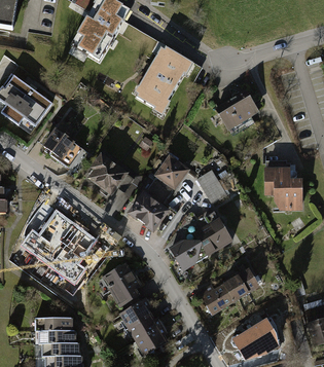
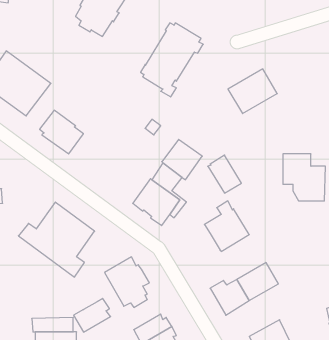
building: [87,151,135,195] -> none
building: [169,238,208,270] -> none
building: [119,297,153,328] -> [74,298,111,332]

